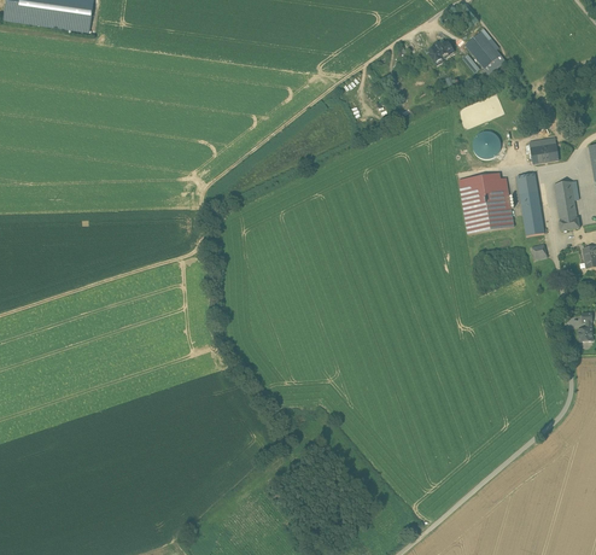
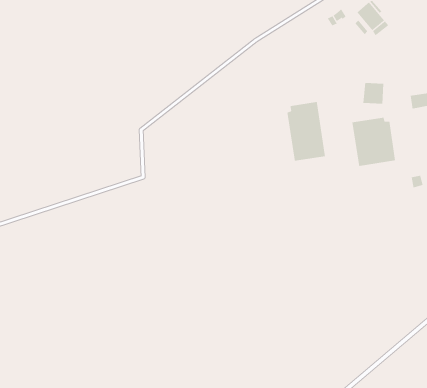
building: none -> [287,101,326,162]
building: [515,173,543,235] -> none

